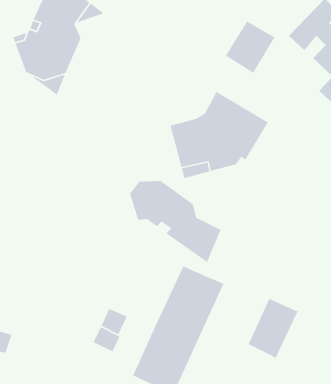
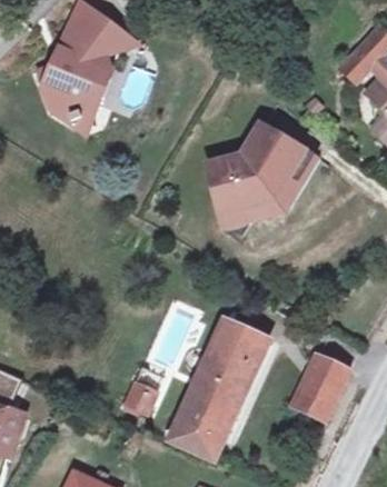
building: [225,21,276,74] -> none
building: [129,180,221,263] -> none

